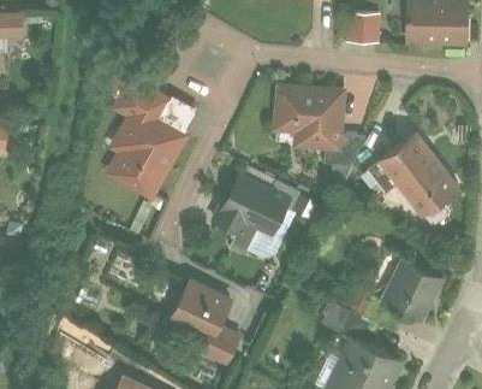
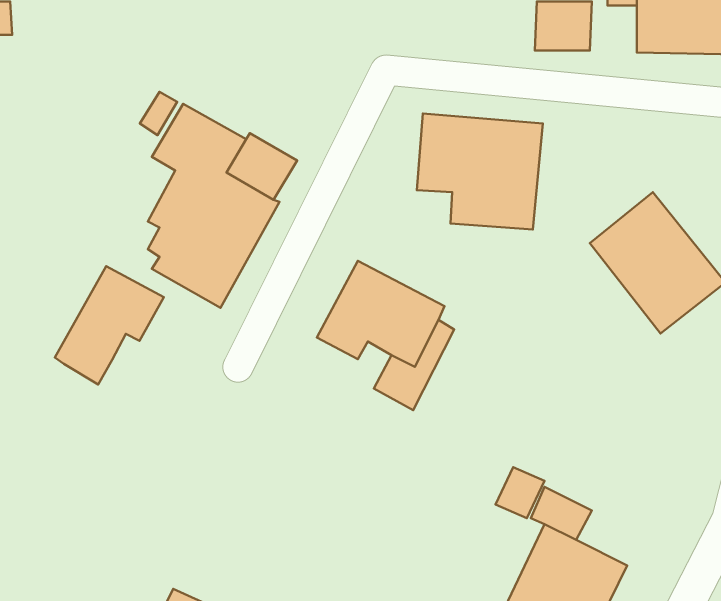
building: none -> [55,266,164,384]
building: [383,255,444,312] -> none
building: [166,279,239,367] -> none

